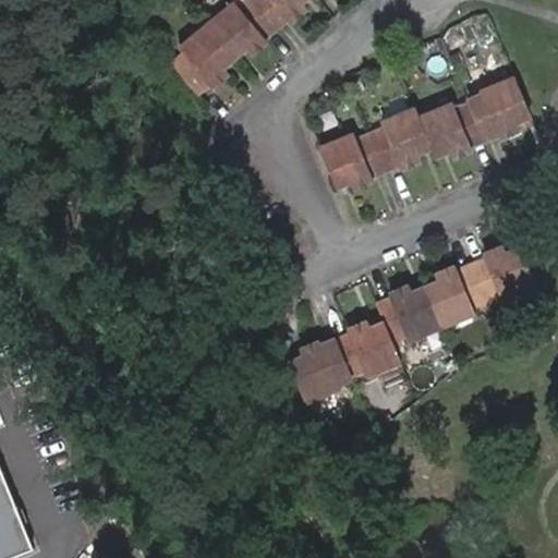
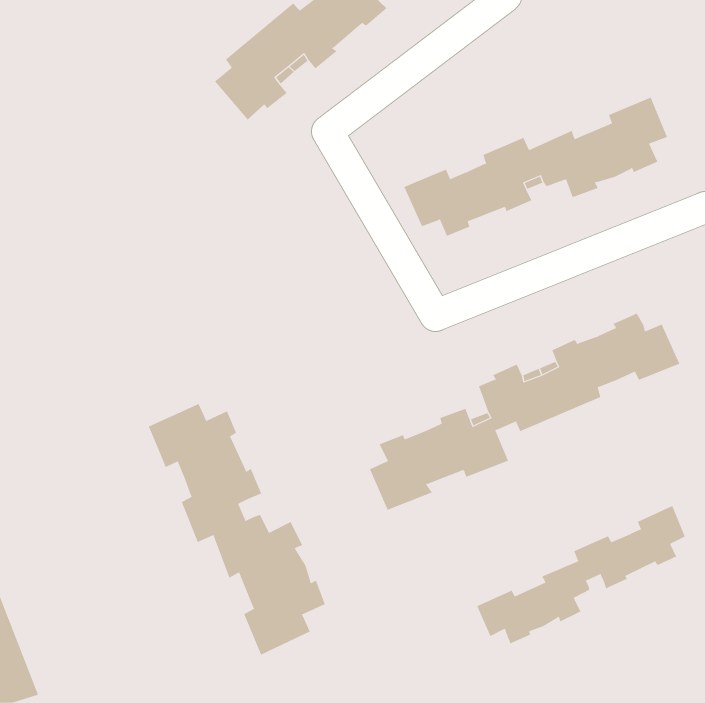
building: none -> [148,403,326,656]
building: none -> [476,505,685,644]

